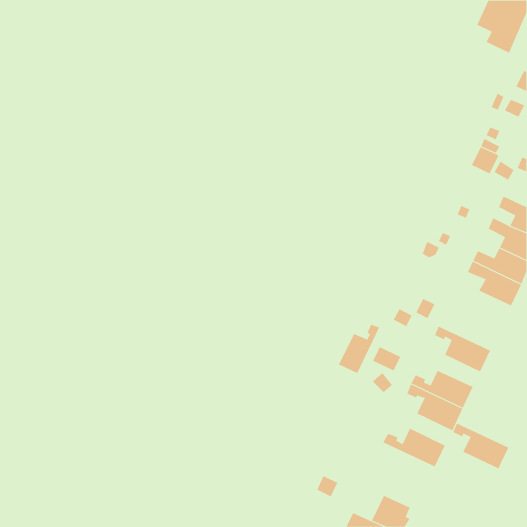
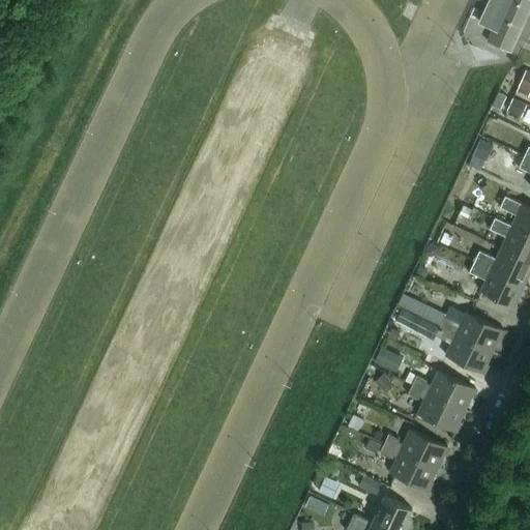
building: none -> [440,313,503,352]
building: [338,324,380,374] -> none
building: [452,423,509,469] -> [380,444,437,491]

